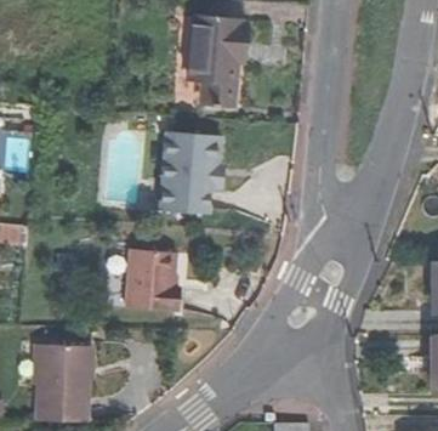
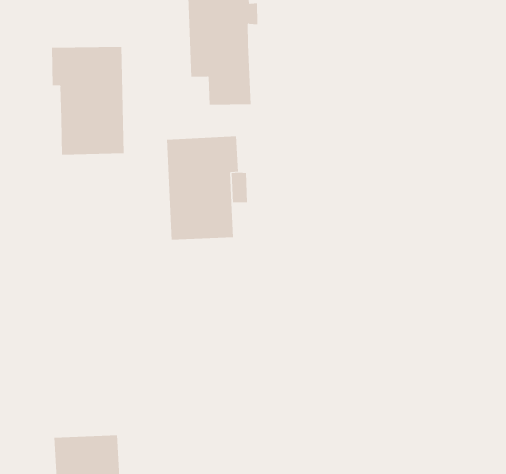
building: none -> [51,46,124,155]
building: [130,243,181,304] -> none

